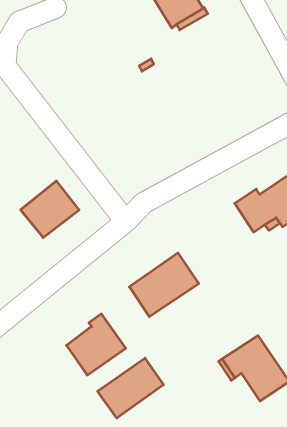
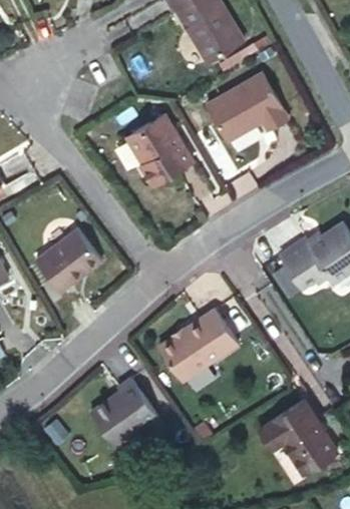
building: none -> [206,72,286,140]
building: none -> [124,116,190,186]
building: [98,358,163,418] -> none

